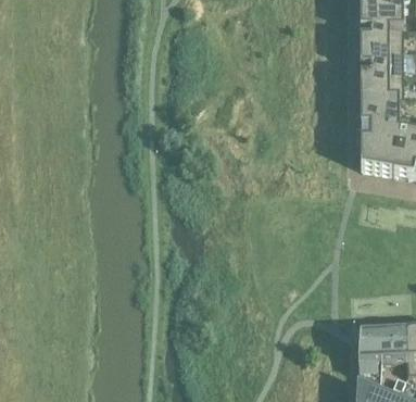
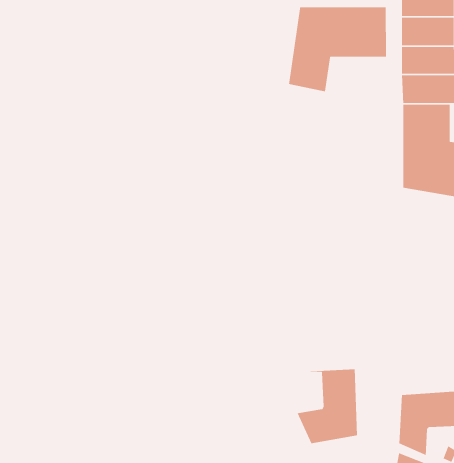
building: none -> [288,7,387,93]
building: none -> [296,369,358,444]

